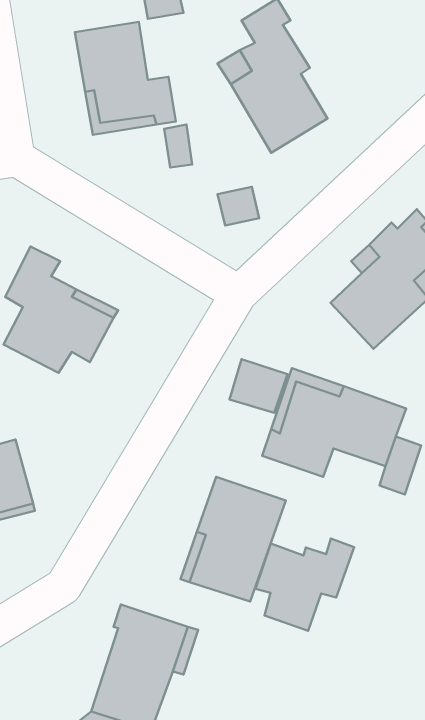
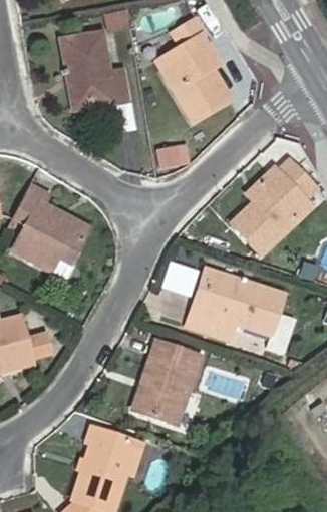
building: [255,539,354,631] -> none

